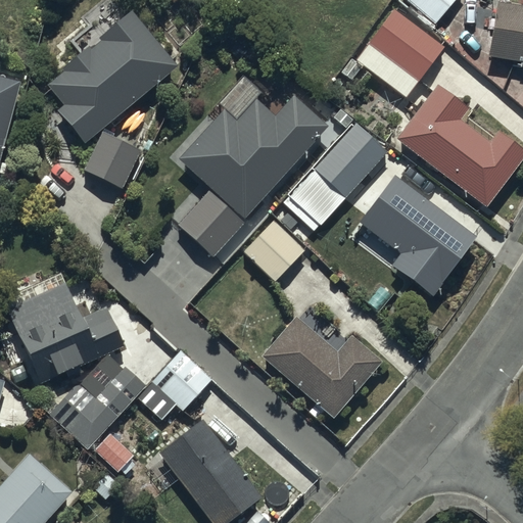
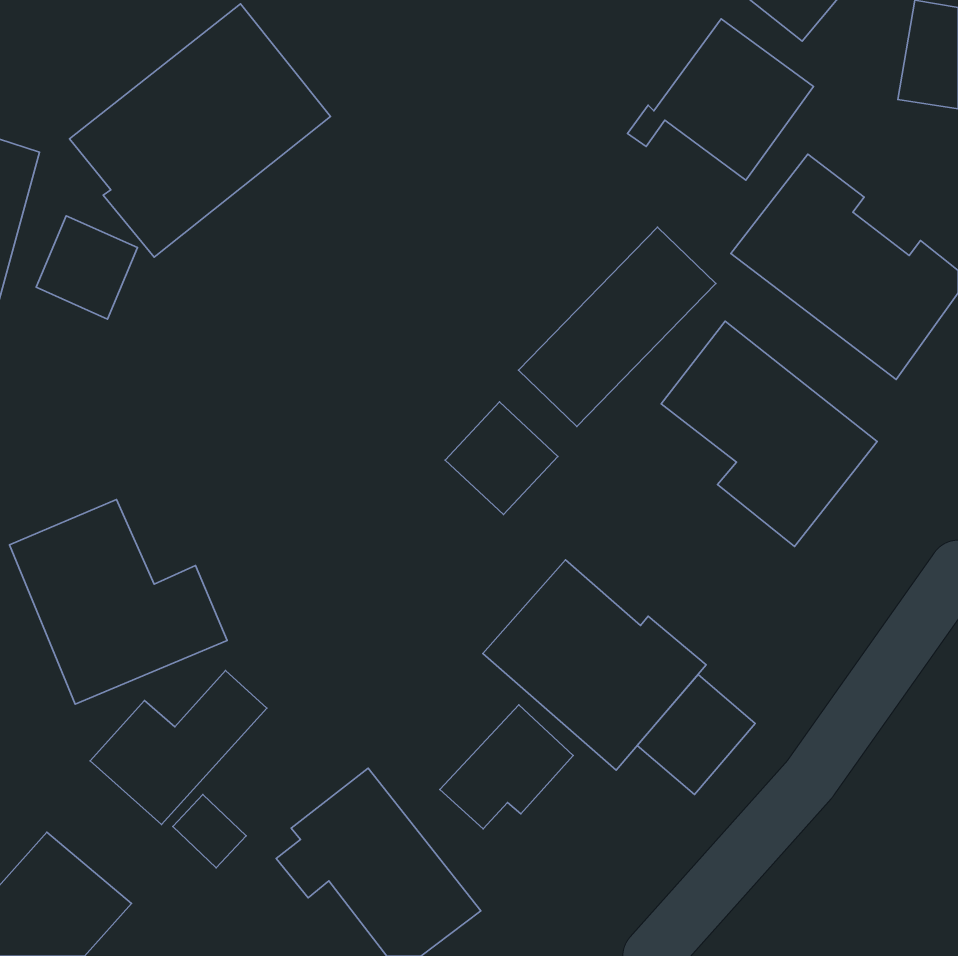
building: [177,78,325,255] -> none
building: [84,129,139,185] -> [36,216,138,319]
building: [138,351,210,419] -> [440,705,573,829]
building: none -> [637,674,755,794]

